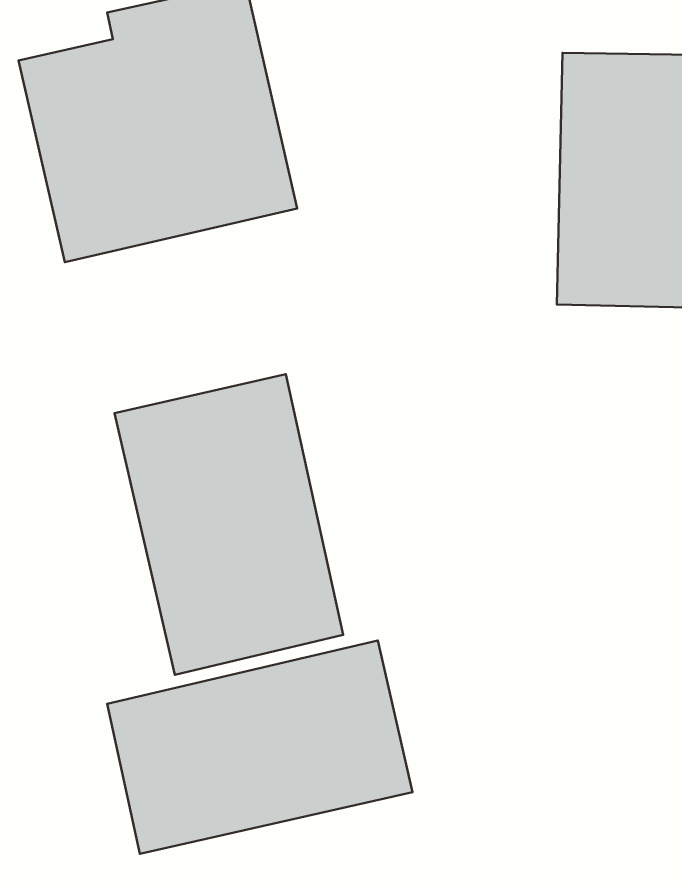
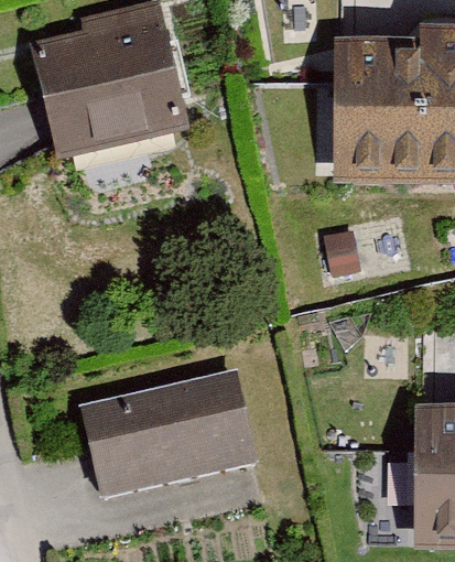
building: [115,374,343,675] -> none

